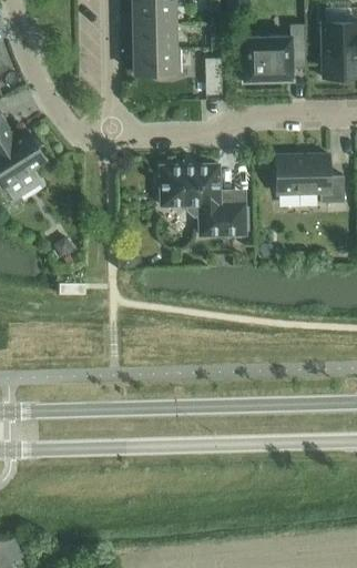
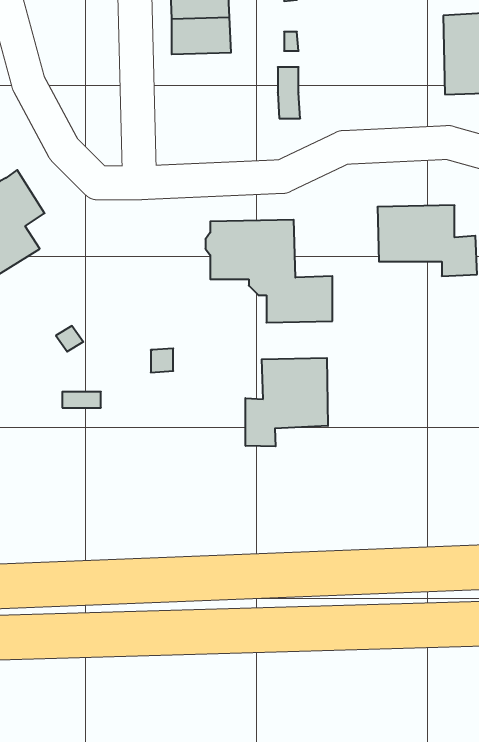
building: [239,24,305,80] -> none
building: [133,49,180,78] -> none
building: none -> [245,358,328,446]

